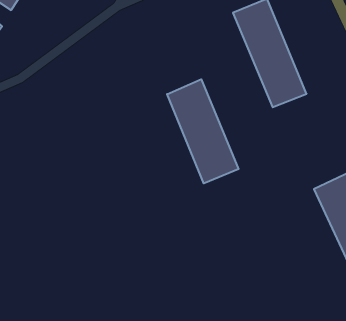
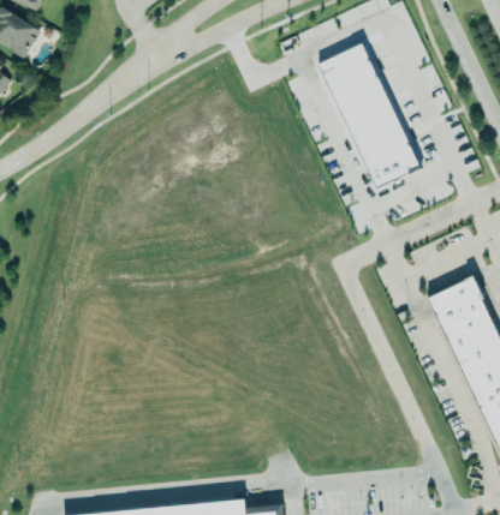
building: [167,79,239,183] -> none

